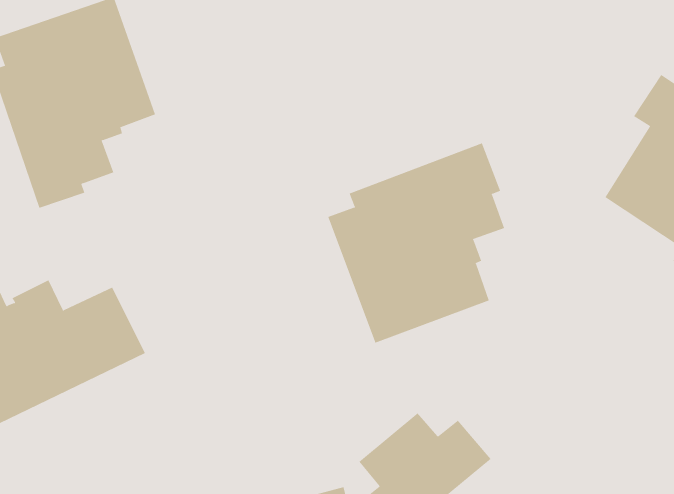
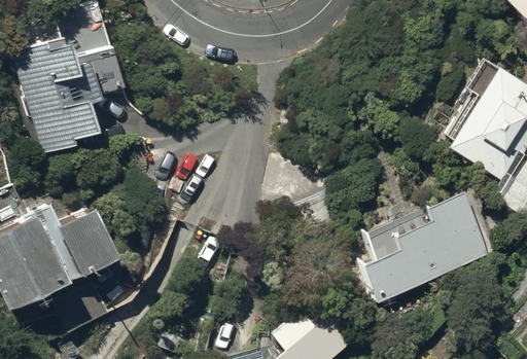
building: [327,142,505,343] -> none
building: none -> [360,193,491,322]

